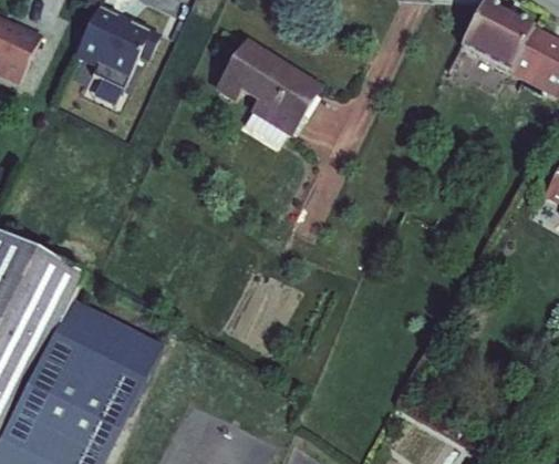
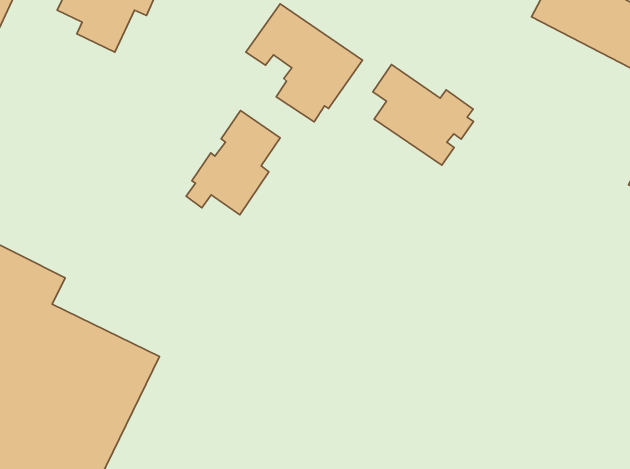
building: none -> [373,64,473,165]
building: none -> [186,111,280,215]

